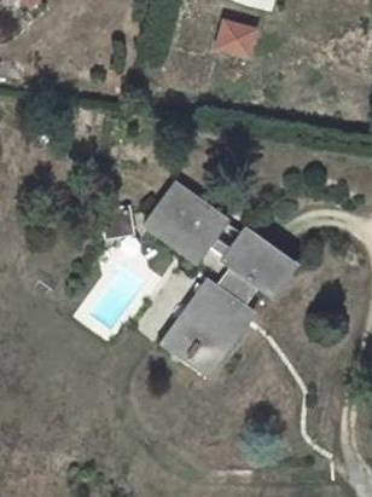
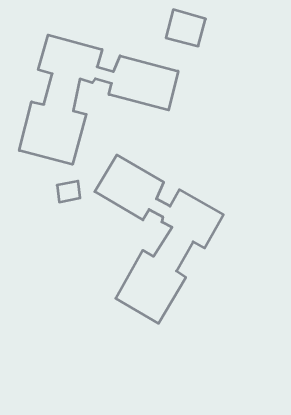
building: none -> [19,35,178,164]

